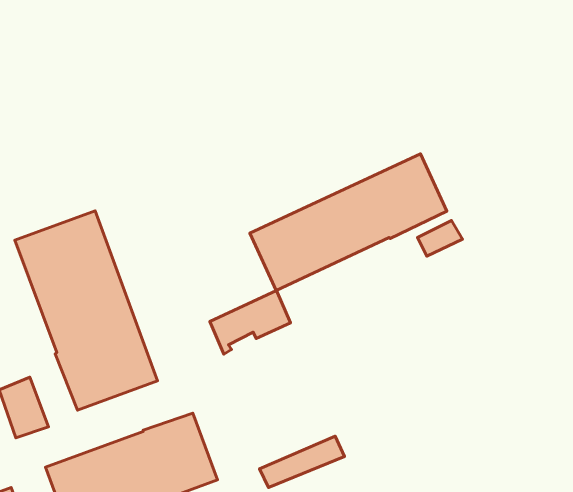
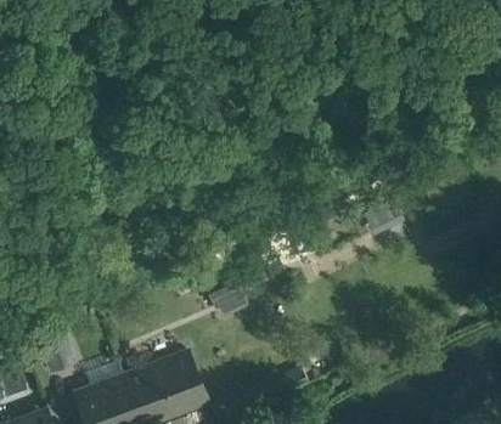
building: [250,154,447,290] -> none
building: [15,211,158,410] -> none

